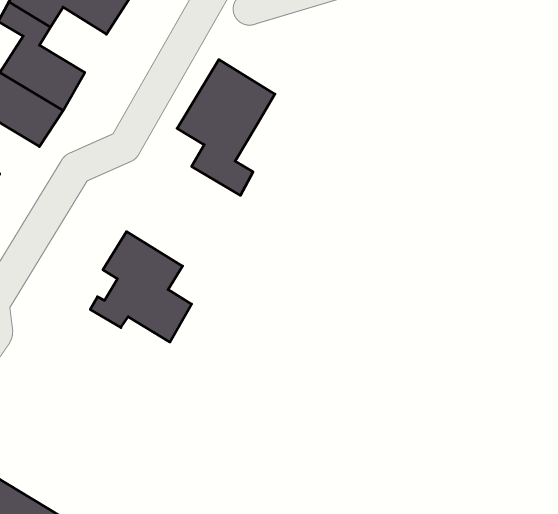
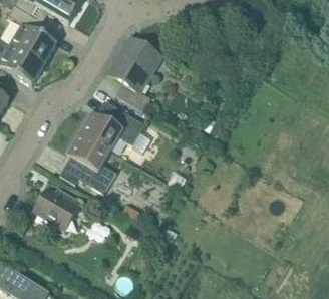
building: none -> [79,99,144,151]
building: none -> [32,187,81,230]

